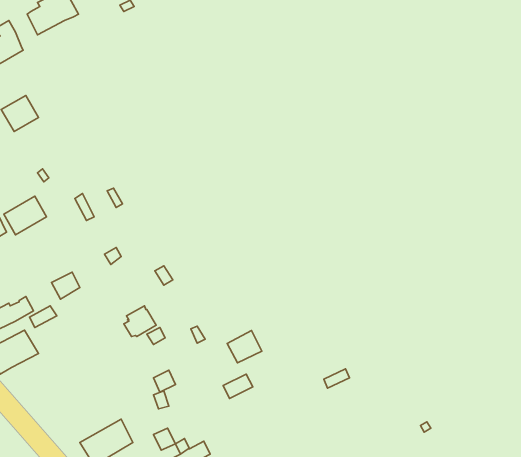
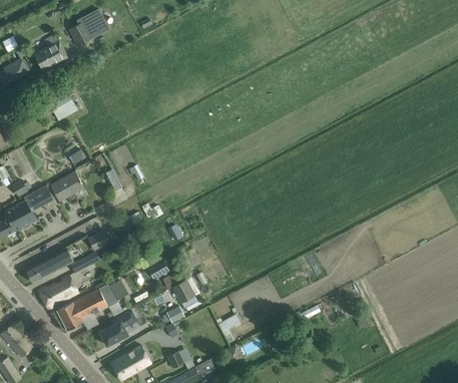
building: [227,331,262,363] -> [172,278,199,303]
building: none -> [57,281,126,331]
building: none -> [99,311,136,346]

